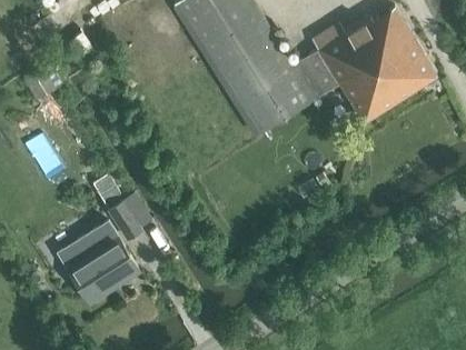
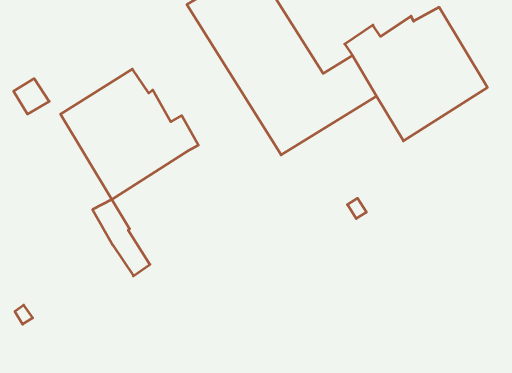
building: none -> [61,69,198,199]
building: [56,221,139,304] -> none

